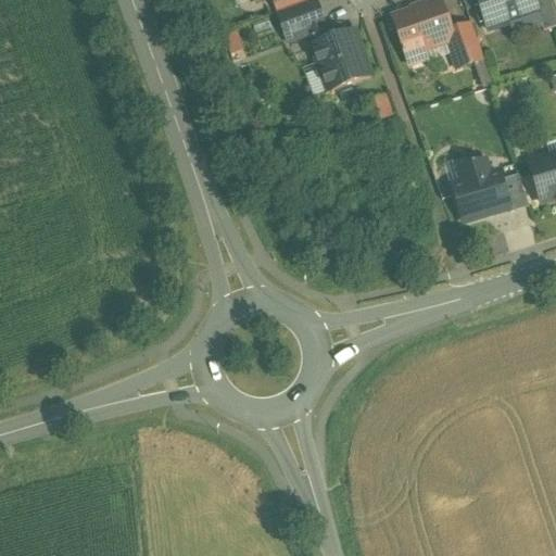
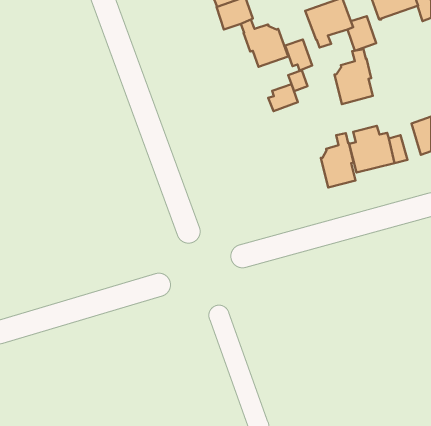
building: none -> [285,39,312,71]
building: none -> [335,49,373,104]
building: none -> [268,84,298,111]
building: none -> [321,133,355,188]

